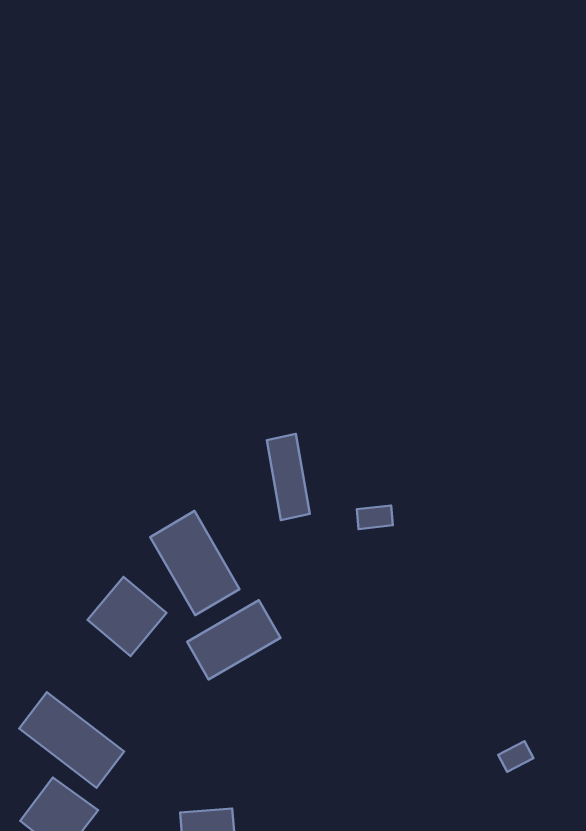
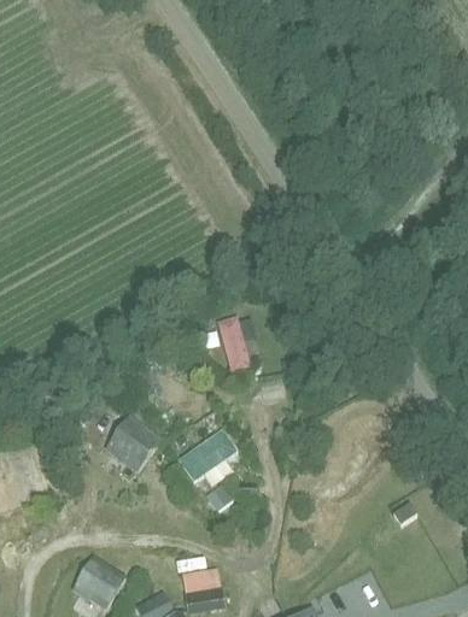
building: [150,511,240,615] -> none
building: [19,692,124,788] -> none

